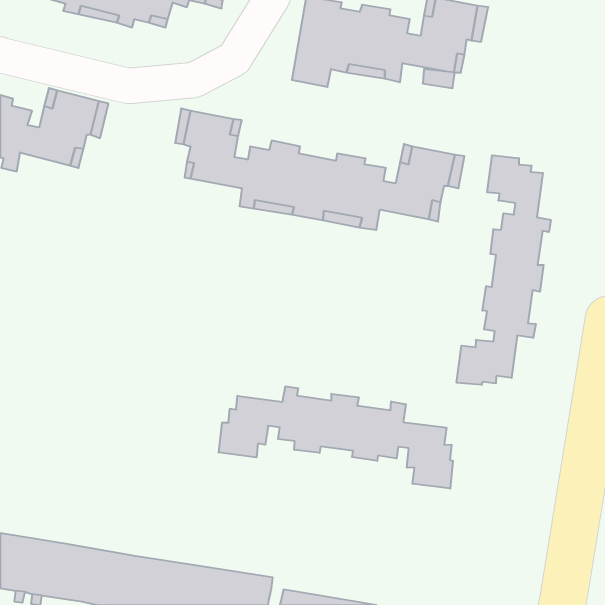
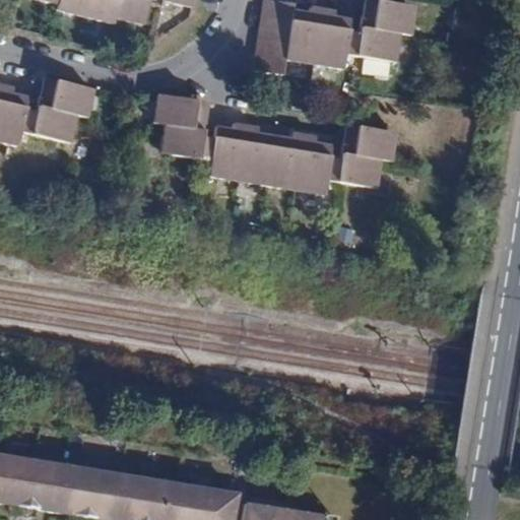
building: [457,155,551,385] -> none
building: [219,386,453,489] -> none

